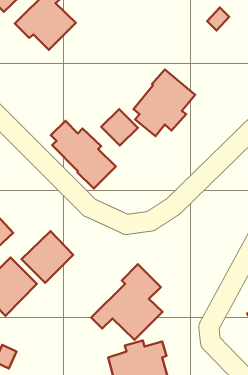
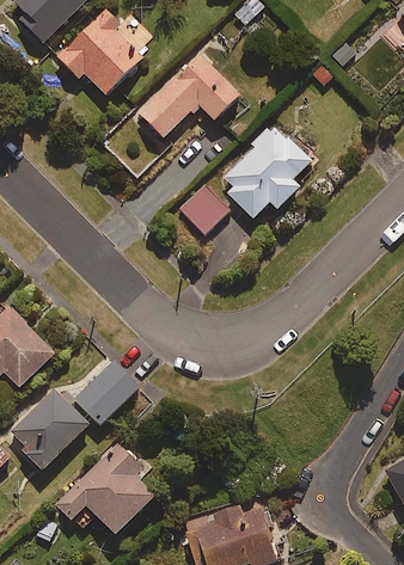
building: none -> [137,54,240,139]
building: [51,121,116,188] -> none
building: [91,264,162,340] -> [55,429,155,535]

